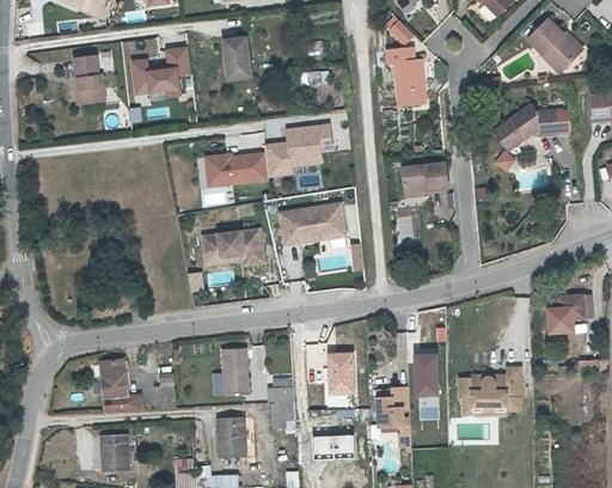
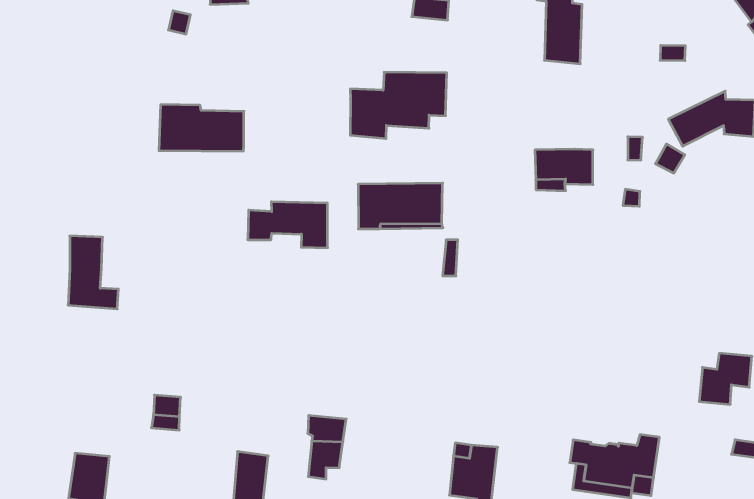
building: [204,151,269,188] -> [159,105,244,151]
building: [224,348,252,395] -> none
building: [325,349,354,403] -> none
building: [414,354,437,396] -> none
building: [97,359,139,411] -> [68,236,118,309]

